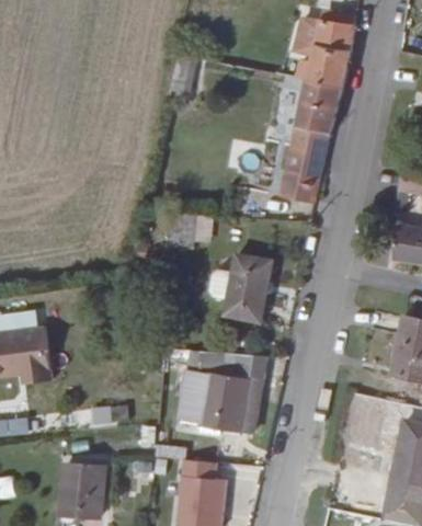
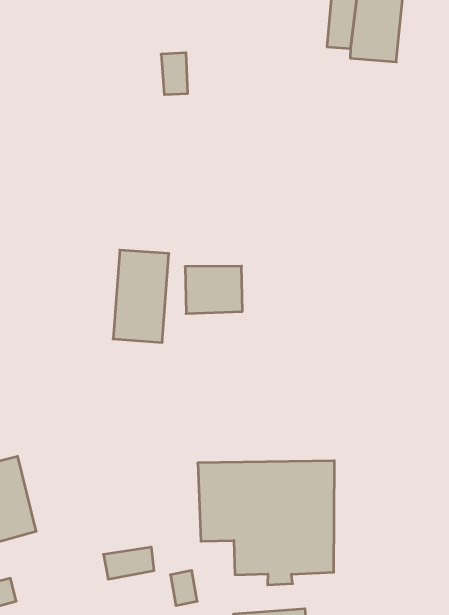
building: [278,79,339,208] -> none
building: [227,255,273,323] -> [113,250,169,342]

